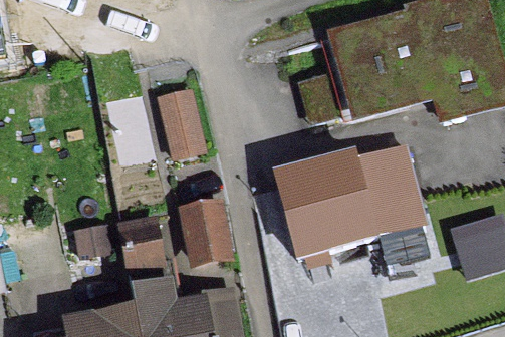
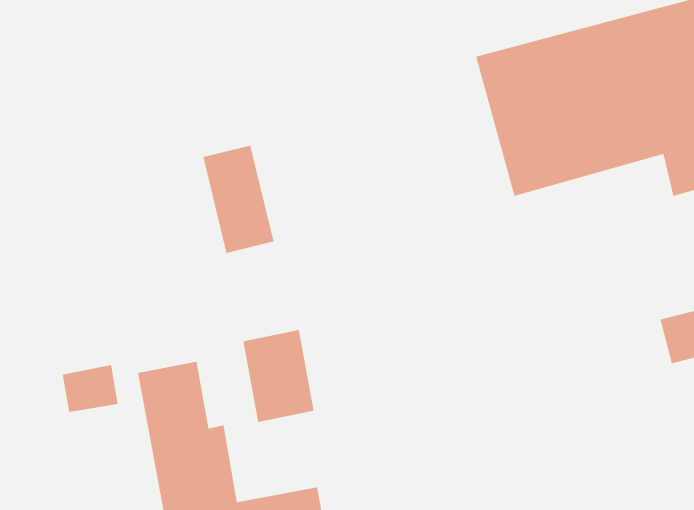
building: [279,146,422,255] -> none

